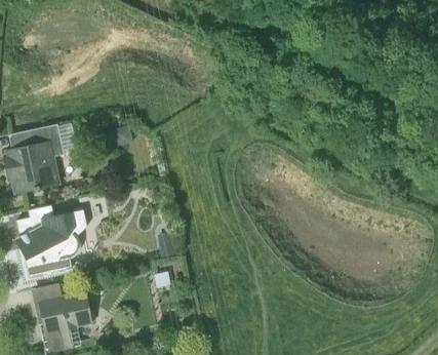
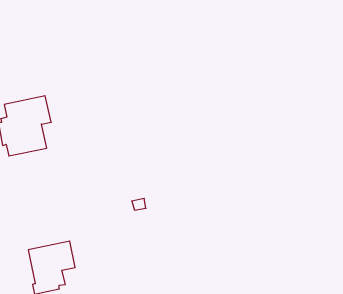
building: [14,205,86,277] -> none

